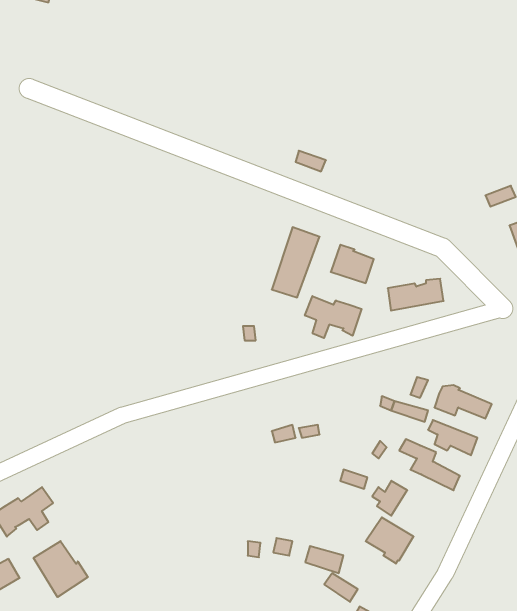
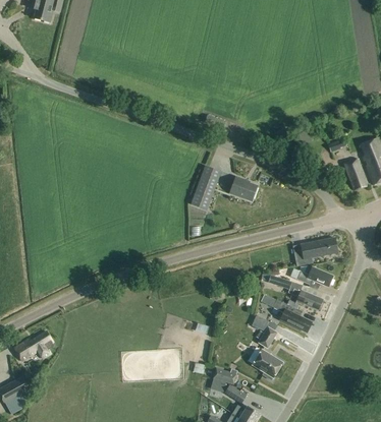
building: [388,279,444,311] -> [302,238,337,258]
building: [305,296,362,338] -> none
building: [34,541,88,597] -> none

